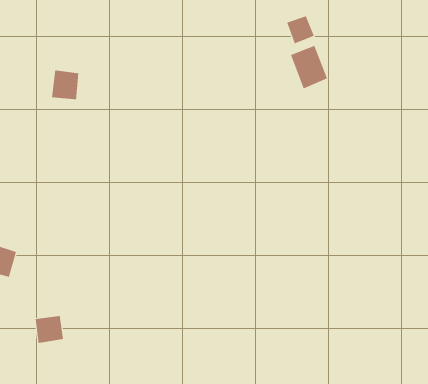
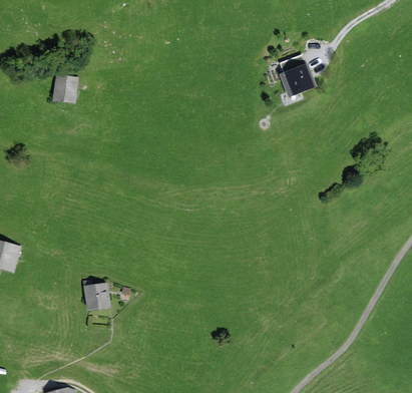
building: [287,15,314,44] -> none
building: [35,316,64,343] -> [84,285,111,311]

